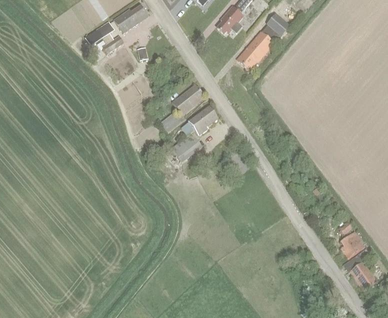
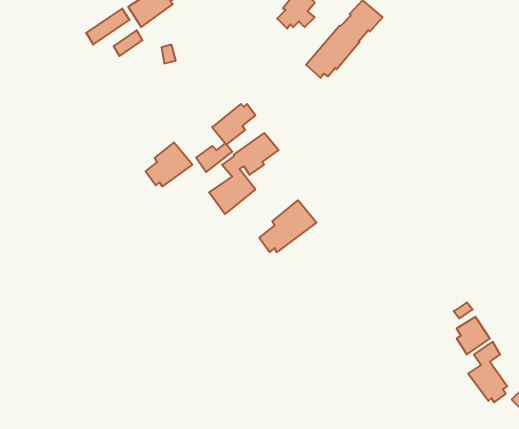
building: none -> [146,142,192,186]
building: none -> [259,200,317,252]

